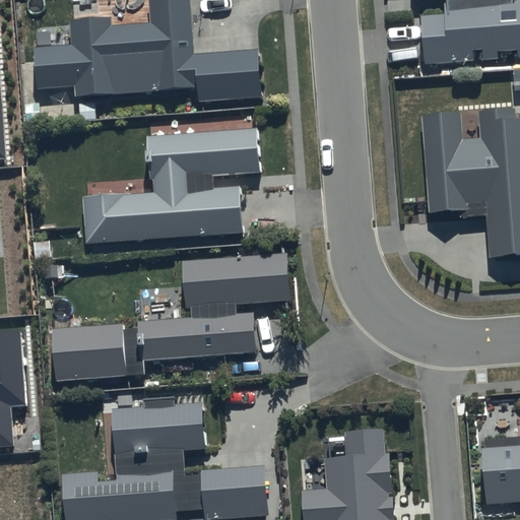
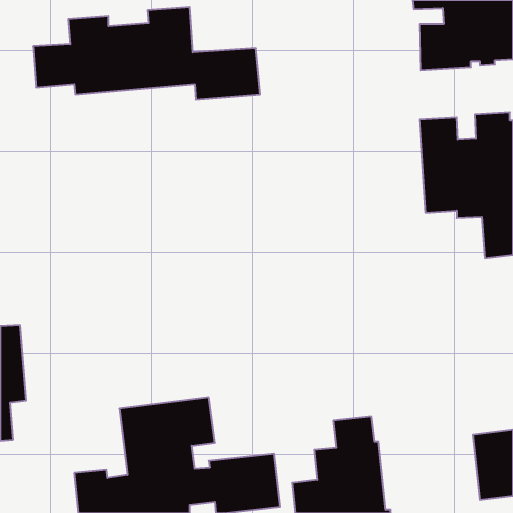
building: [82,129,260,243] -> none
building: [53,252,289,380] -> none

